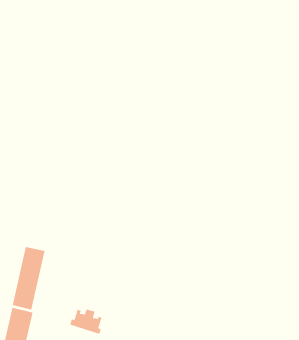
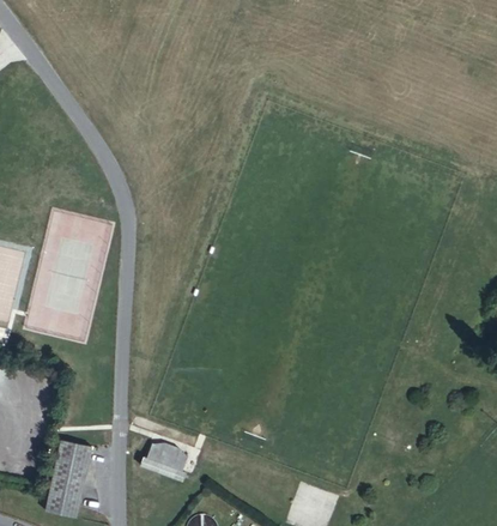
building: [12,246,45,311] -> none

